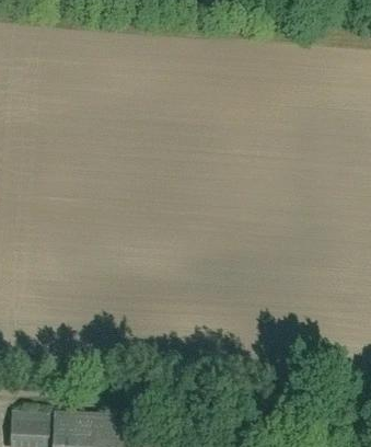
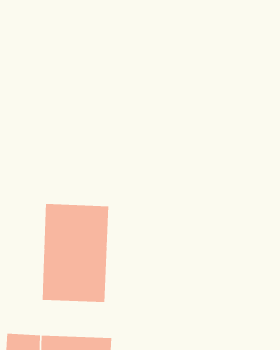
building: none -> [42,203,109,303]

